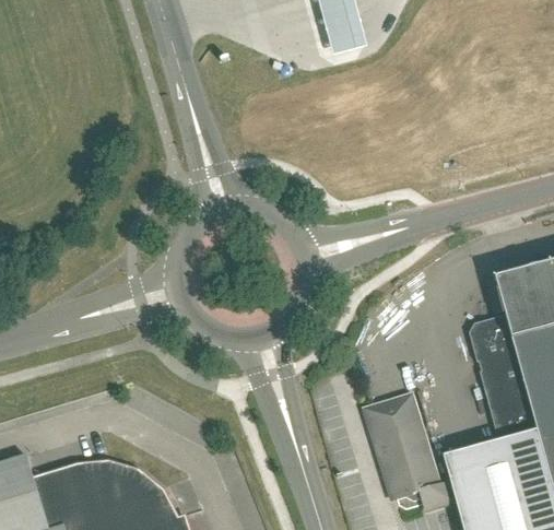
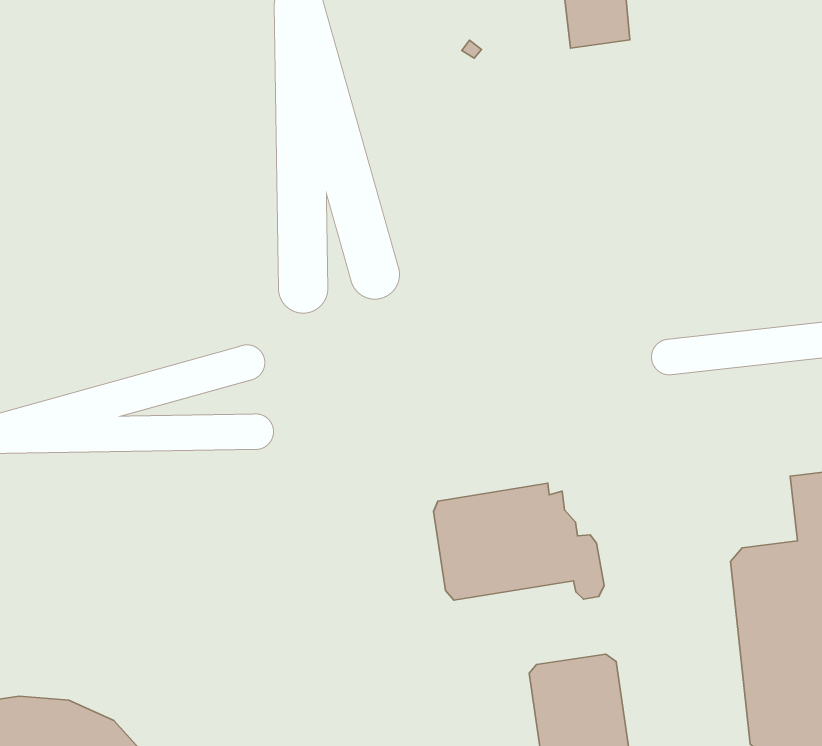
building: none -> [433,483,604,600]

